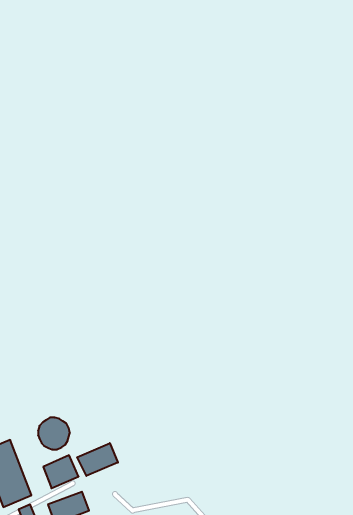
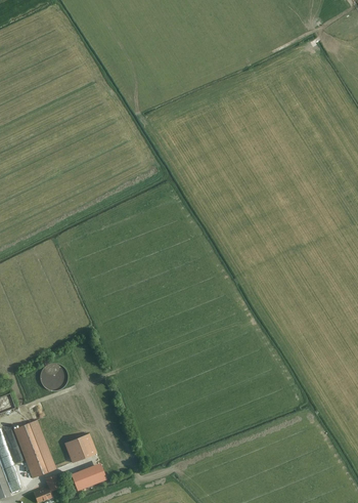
building: [38,418,70,449] -> [40,363,68,390]
building: [77,443,118,476] -> none

